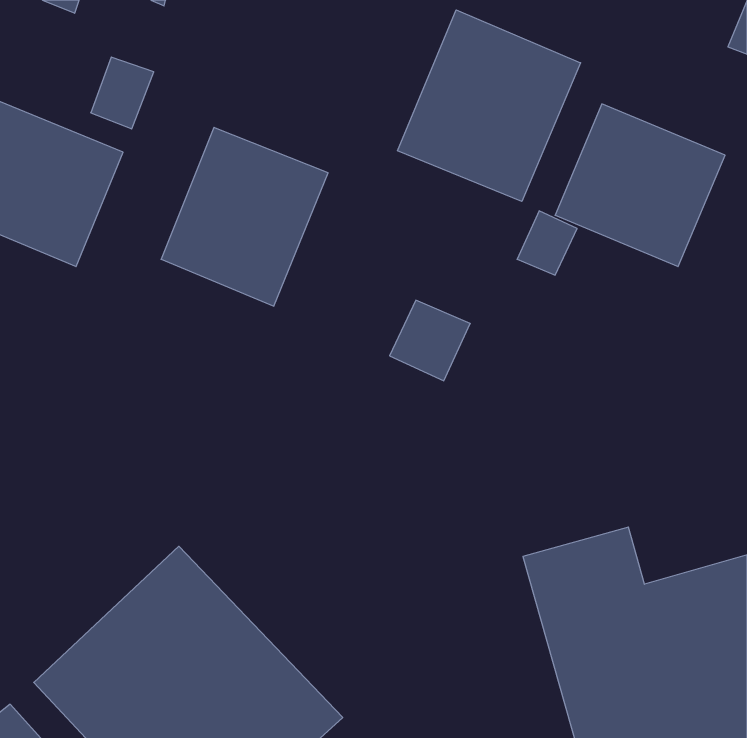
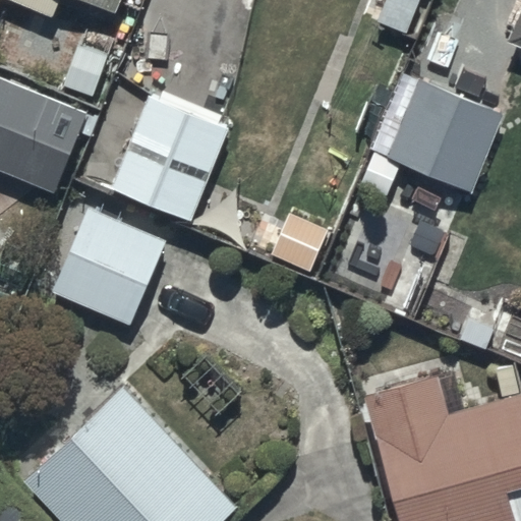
building: [398,10,581,201] -> none
building: none -> [53,209,166,326]

